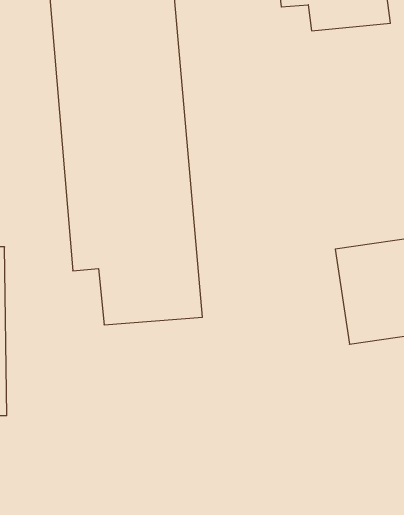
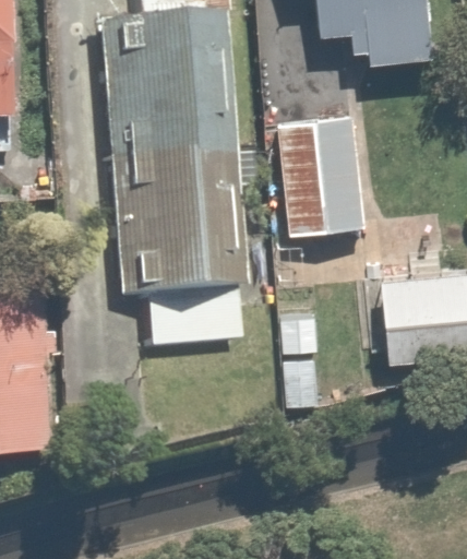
building: none -> [272,105,388,237]

